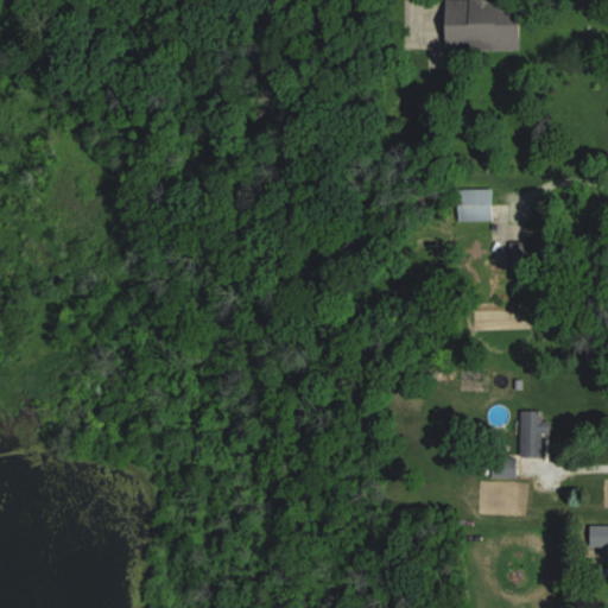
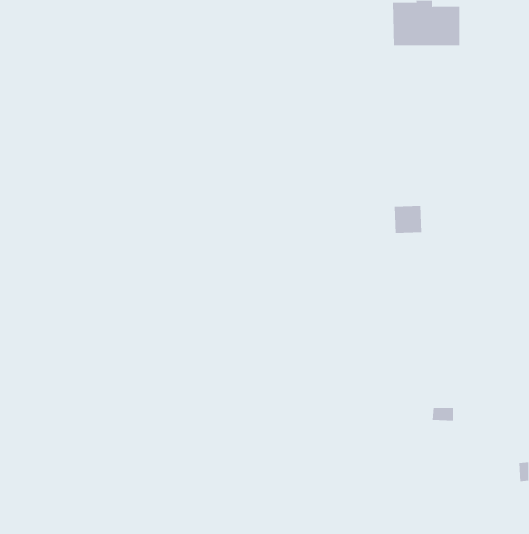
building: [461,189,493,221] -> [394,205,422,234]
building: [518,411,547,456] -> none

